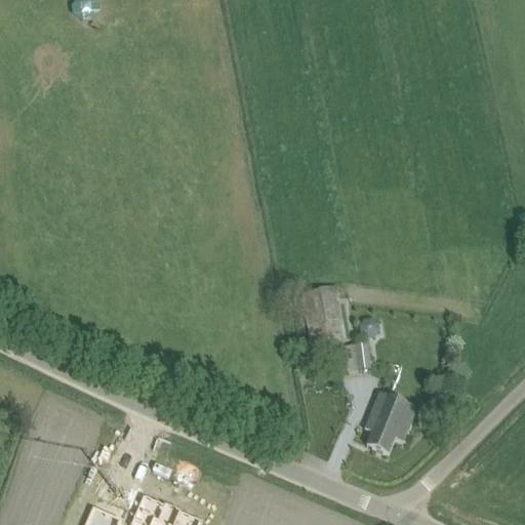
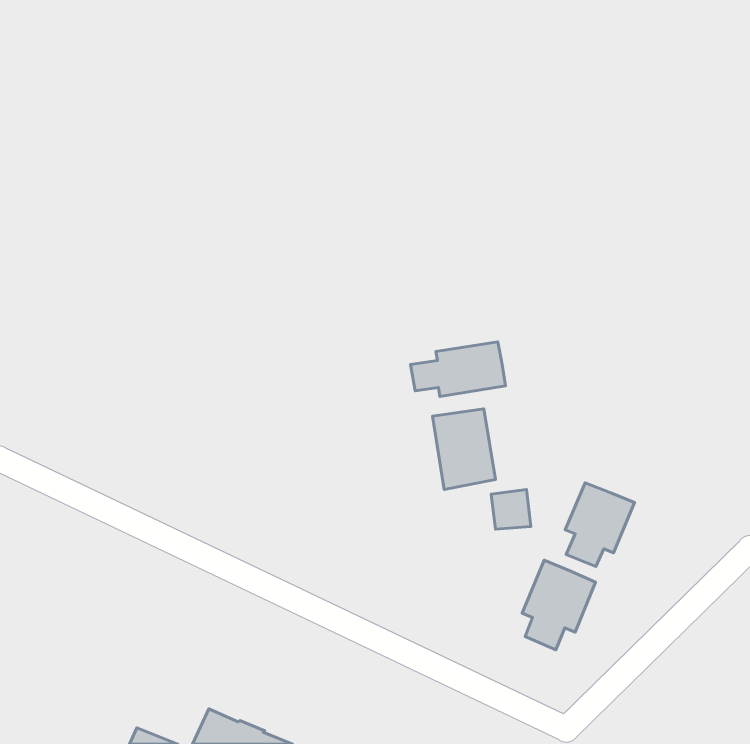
building: none -> [410,342,505,396]
building: none -> [565,483,634,567]

